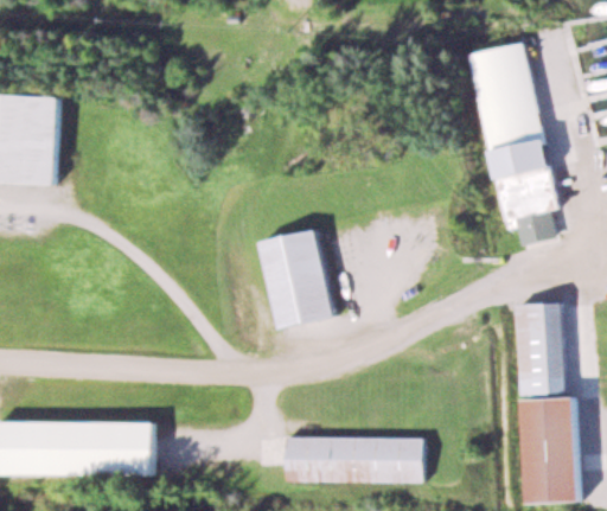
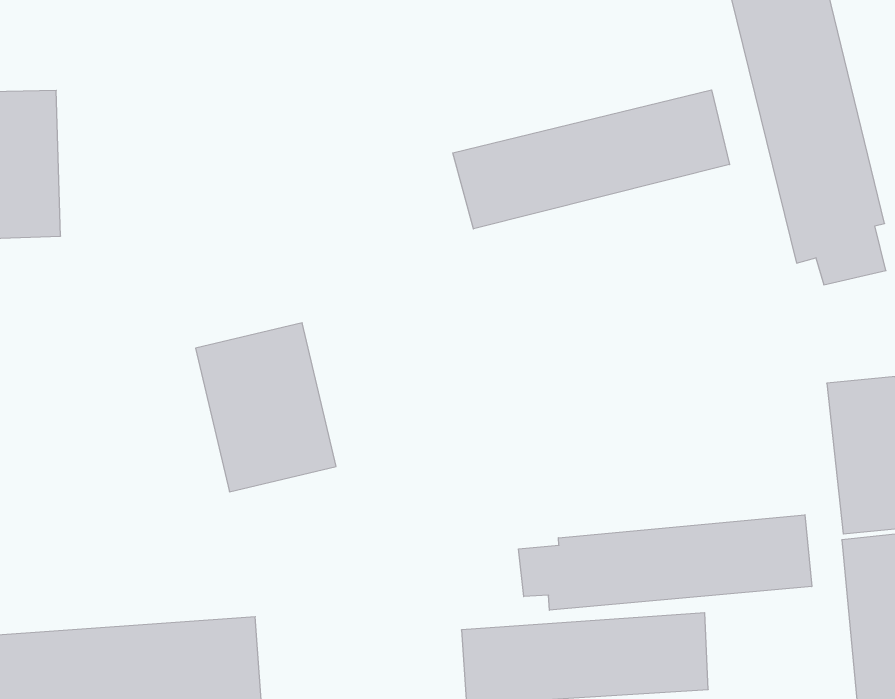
building: none -> [453,90,730,229]
building: [257,230,337,328] -> [196,323,336,492]
building: none -> [519,515,812,610]

